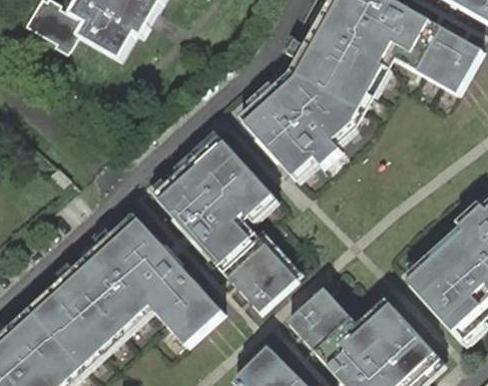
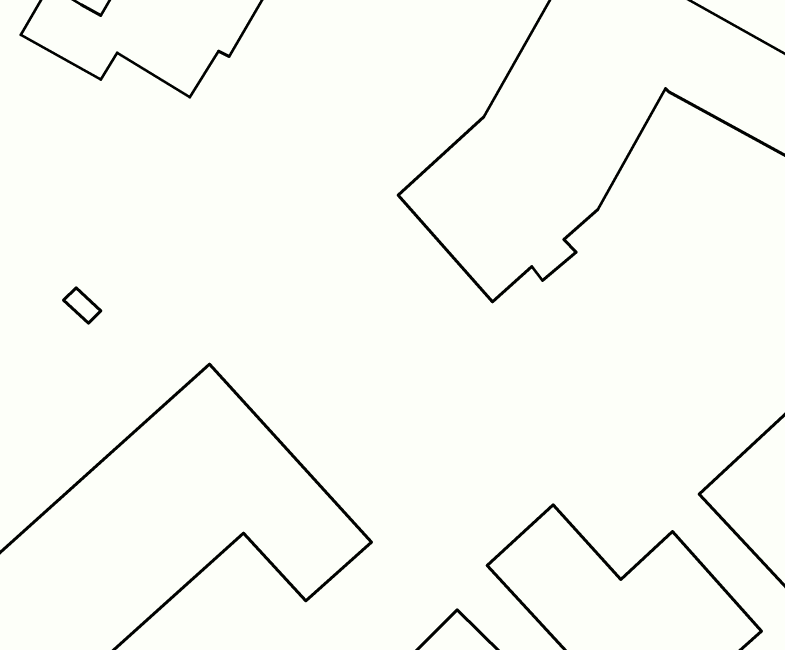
building: [152,133,295,310] -> none

